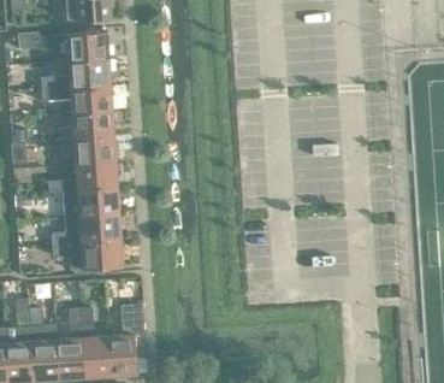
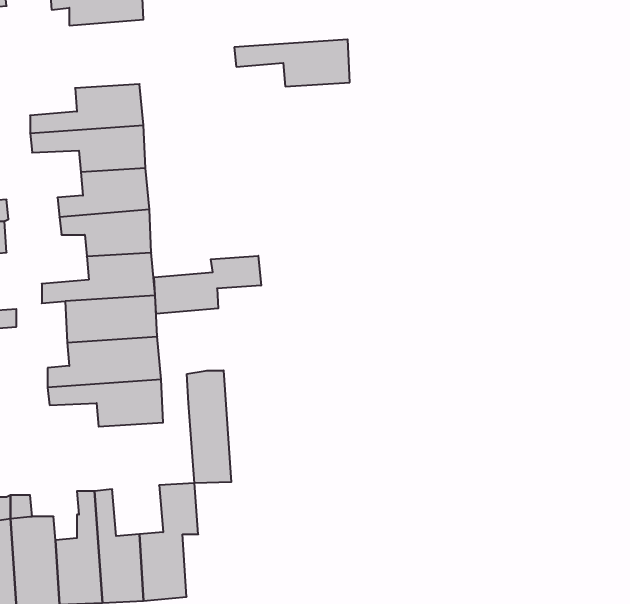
building: [37,33,108,61] -> [234,39,350,86]
building: none -> [154,256,261,314]
building: none -> [187,370,231,483]

